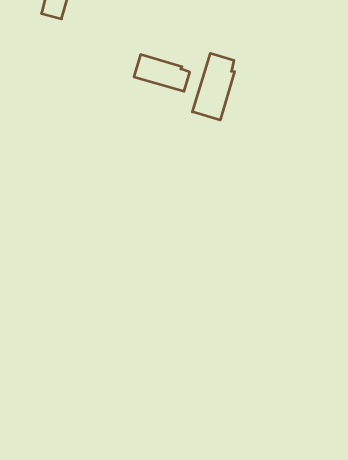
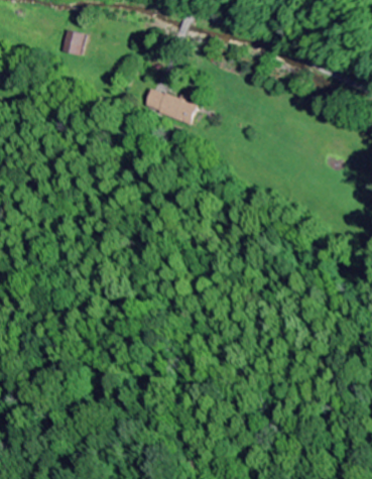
building: [192,53,235,120] -> none

